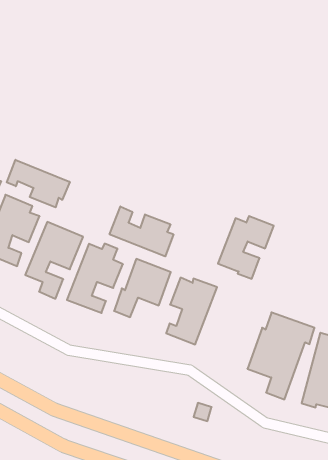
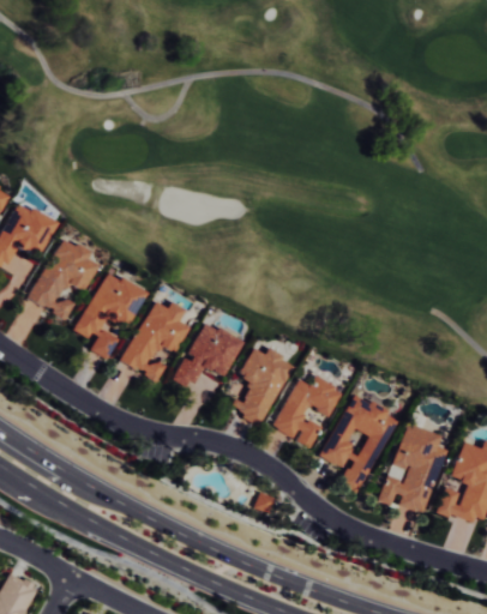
building: [7,160,70,207] -> none
building: [110,206,173,256] -> none
building: [218,216,274,279] -> [275,377,342,449]

